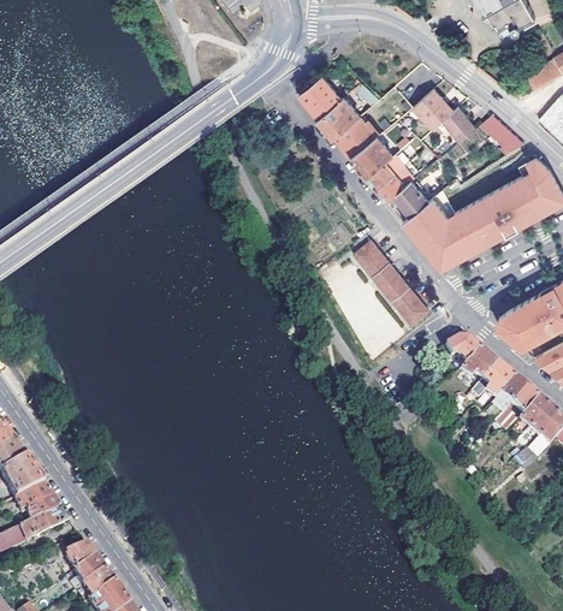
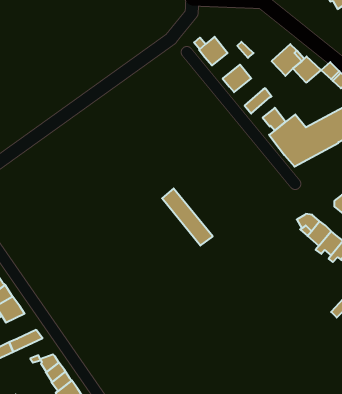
building: [320,97,361,137] -> none
building: [352,136,395,177] -> none
building: [378,165,416,201] -> none
building: [355,239,429,324] -> [162,188,213,246]
building: [16,484,60,521] -> none

